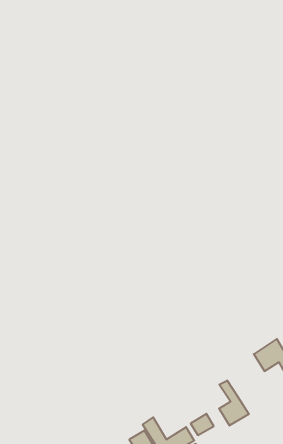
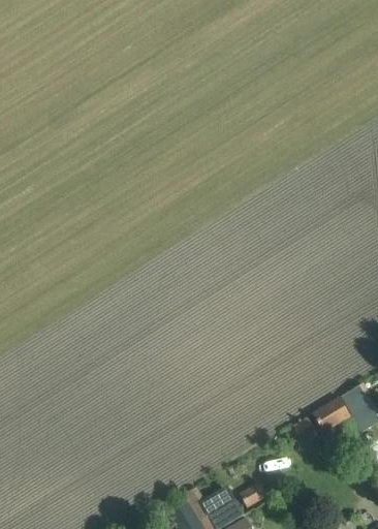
building: [219,380,249,426] -> none

